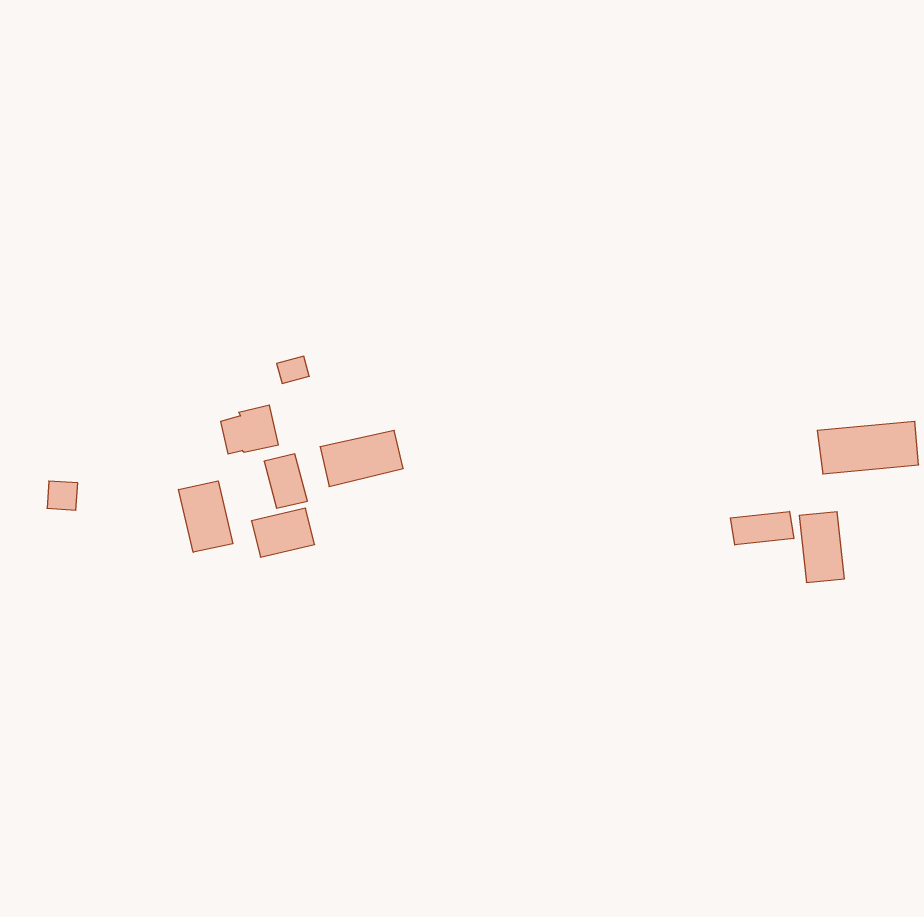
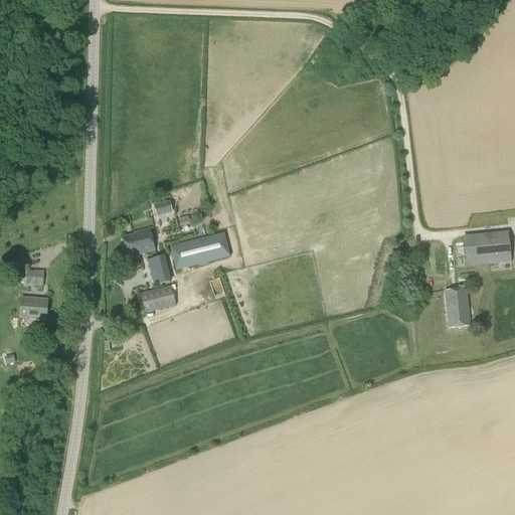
building: [179,481,233,552] -> none
building: [731,511,794,545] -> none
building: none -> [19,295,47,316]

